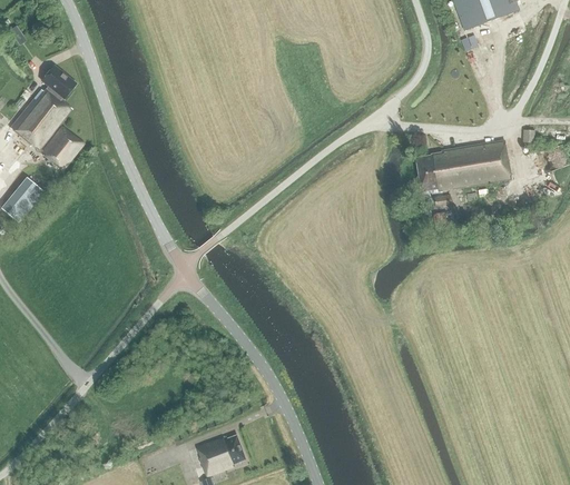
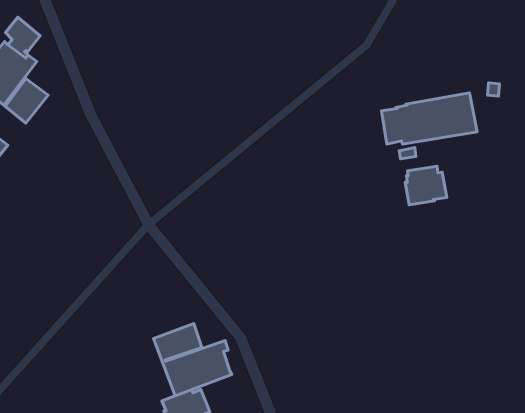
building: none -> [405,166,447,205]
building: none -> [153,323,232,396]

